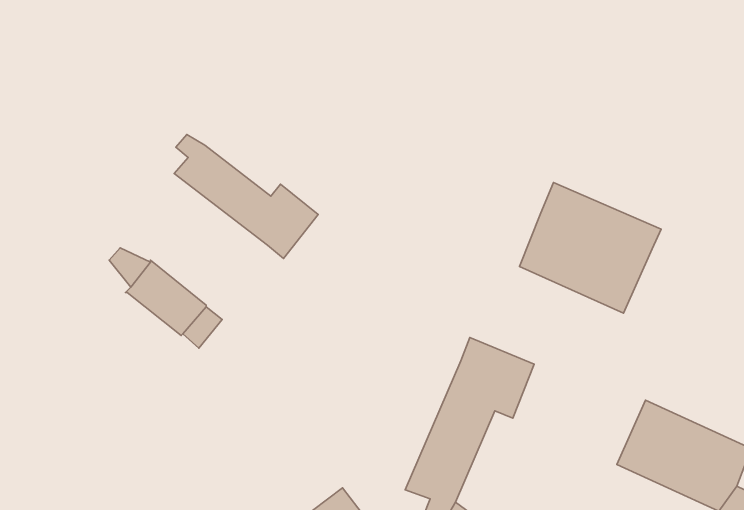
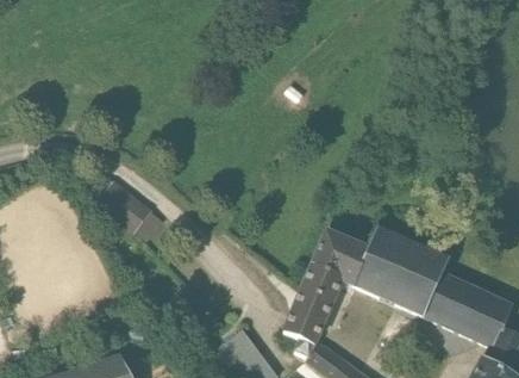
building: [174,135,318,259] -> none
building: [519,182,661,313] -> [352,228,446,315]

